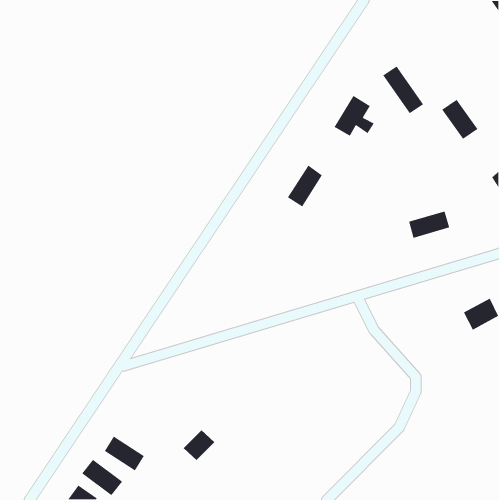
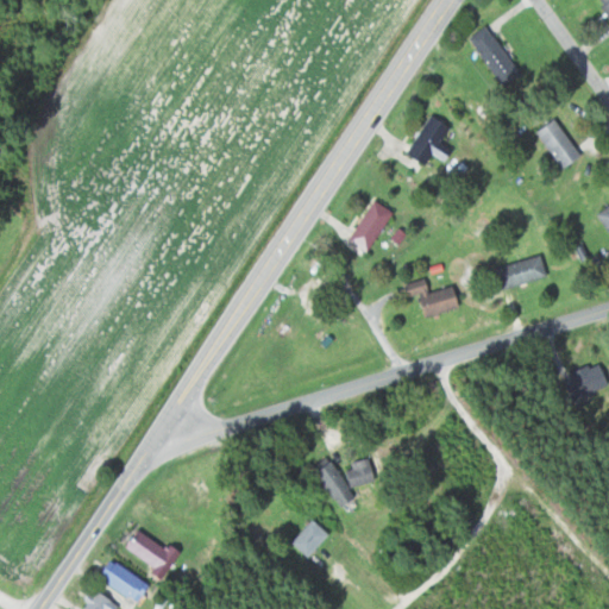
building: [382,65,424,114] -> [469,26,520,86]
building: none -> [406,280,459,316]
building: none -> [316,458,376,508]
building: [183,430,215,461] -> [290,519,329,557]

